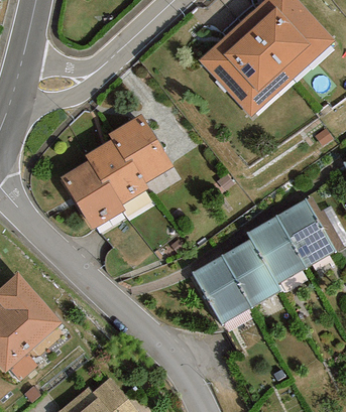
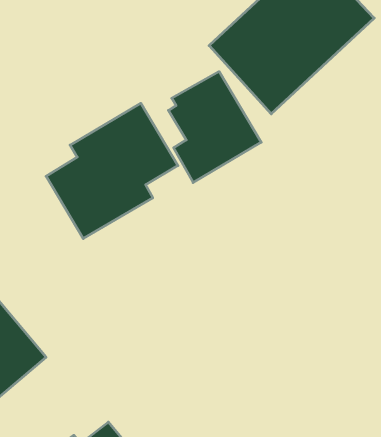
building: none -> [168,72,261,183]
building: [192,199,335,322] -> none

